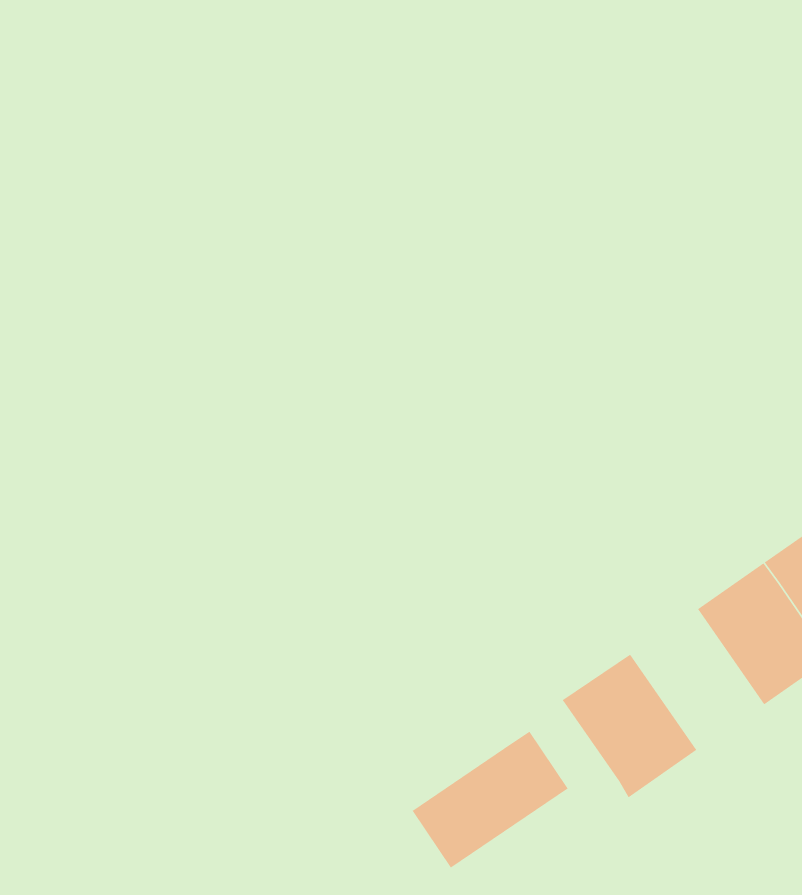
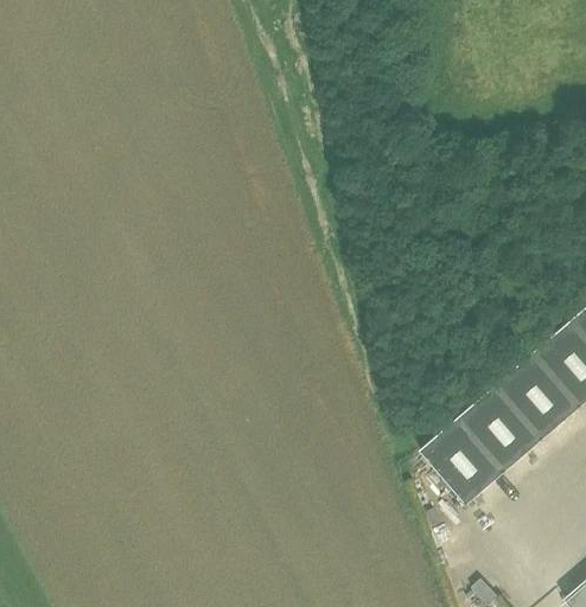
building: none -> [458,383,543,469]
building: [412,731,569,869] -> none

